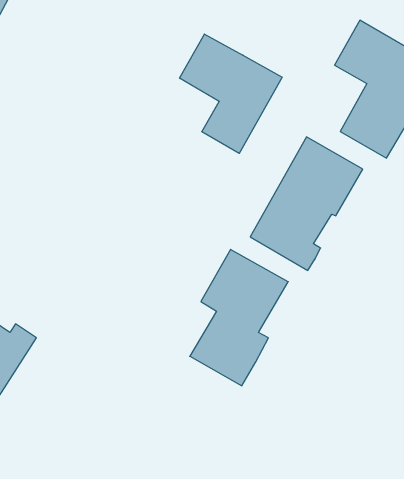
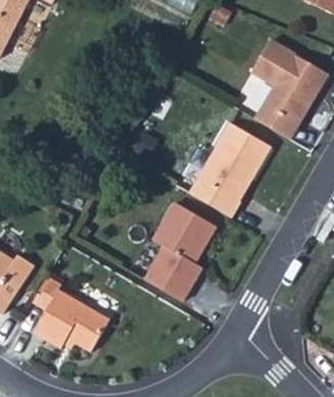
building: [180,34,282,153] -> none
building: none -> [34,278,111,353]

